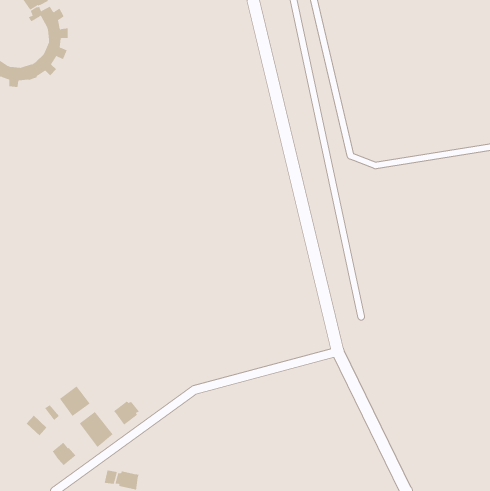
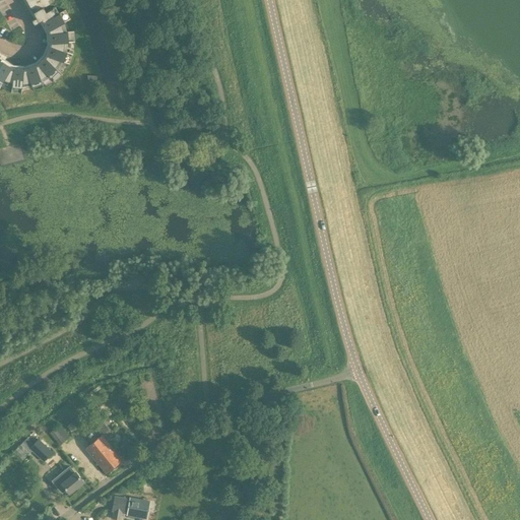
building: [59,386,91,417] -> none
building: [113,401,140,426] -> none

